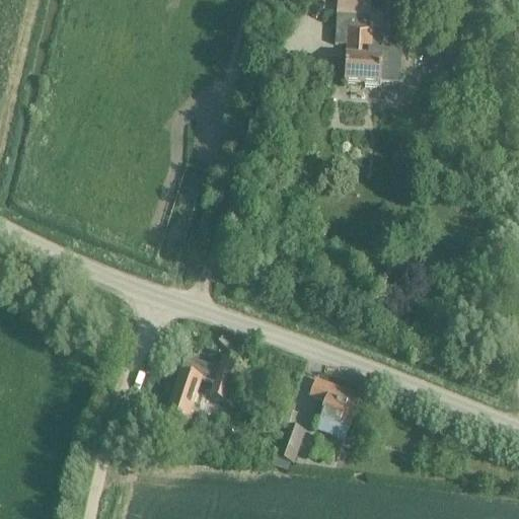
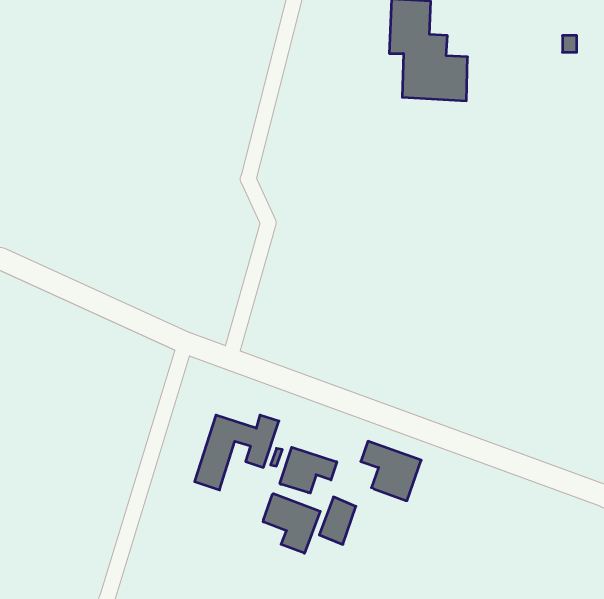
building: none -> [280,447,337,493]
building: none -> [263,494,320,553]

